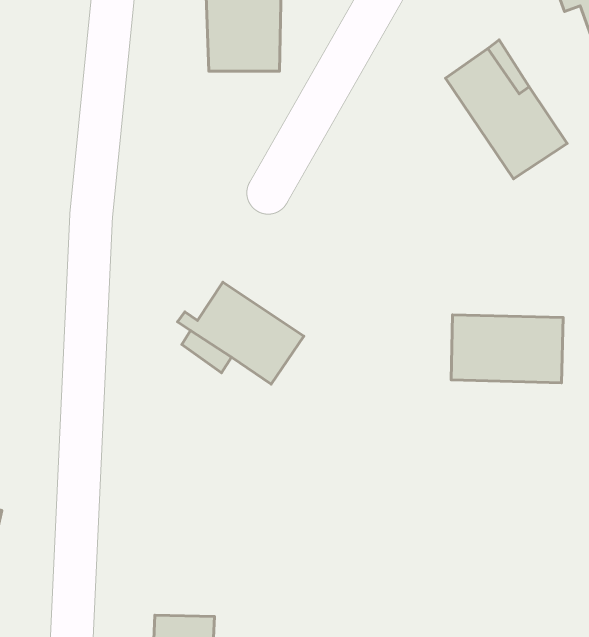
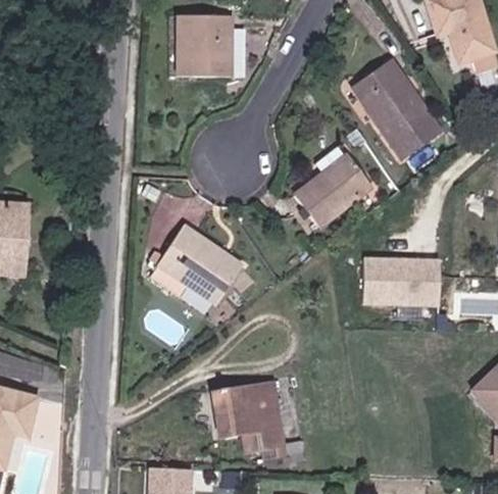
building: none -> [293,157,370,236]
building: none -> [214,383,291,464]

